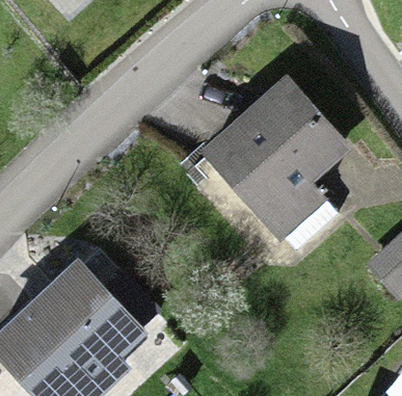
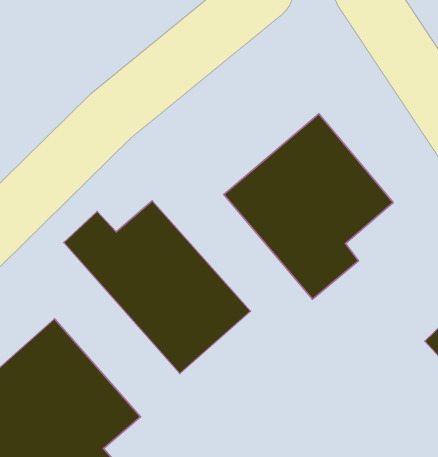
building: none -> [64,201,250,374]

